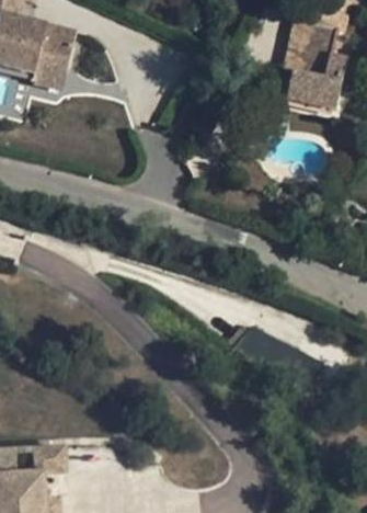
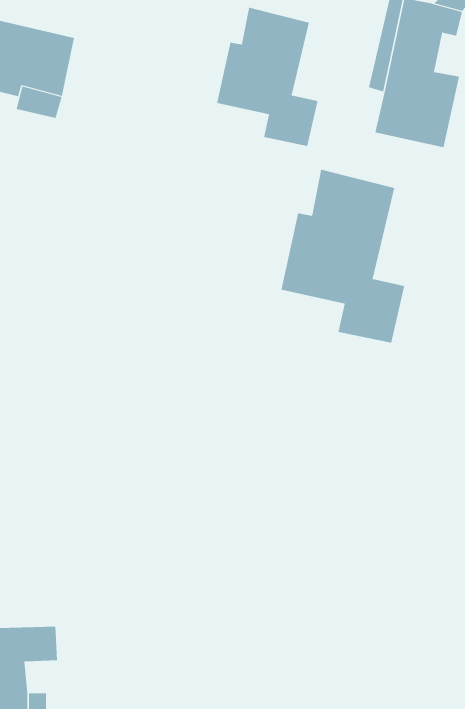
building: none -> [217,7,318,147]
building: none -> [281,169,405,344]

